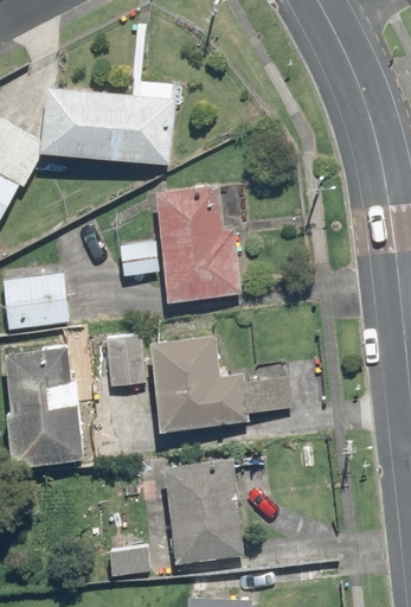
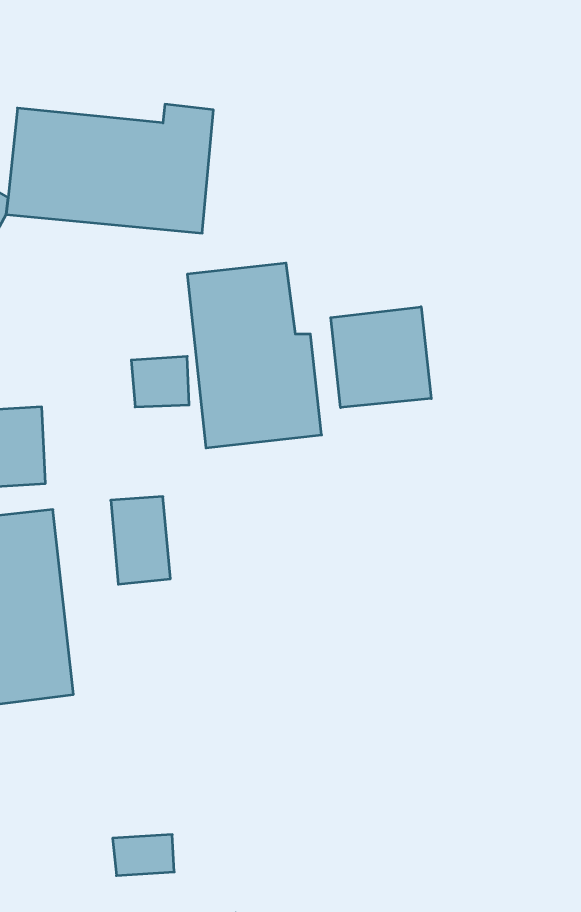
building: none -> [331,307,431,408]
building: [149,336,291,430] -> none
building: [165,458,242,564] -> none

